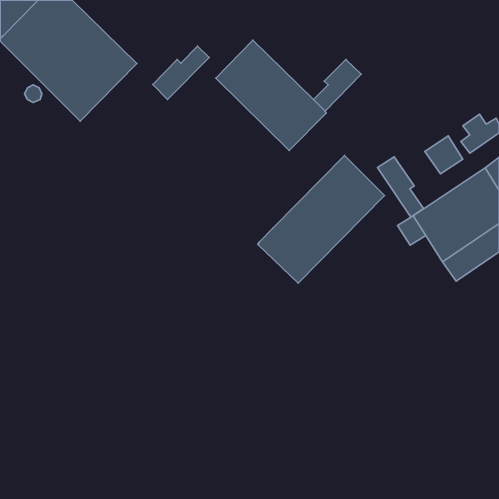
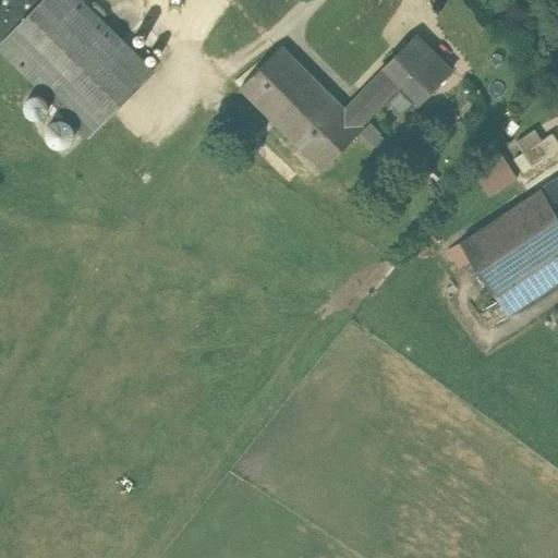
building: none -> [386,35,451,101]
building: [153,46,209,100] -> none
building: [258,155,385,283] -> none
building: [378,157,423,217] -> none

